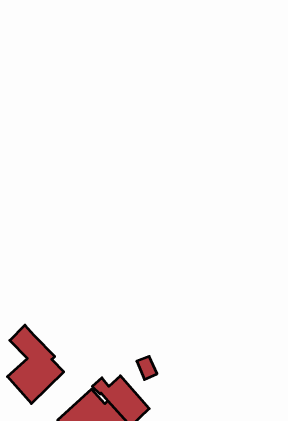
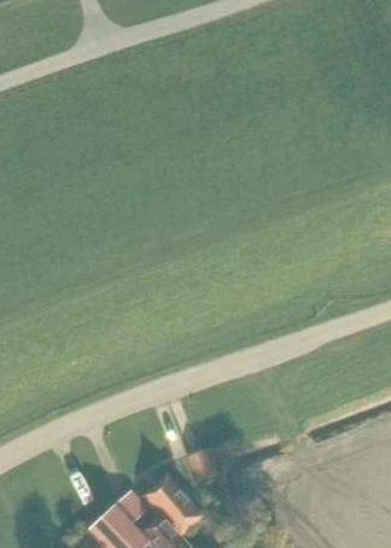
building: [7,325,64,404] -> none

